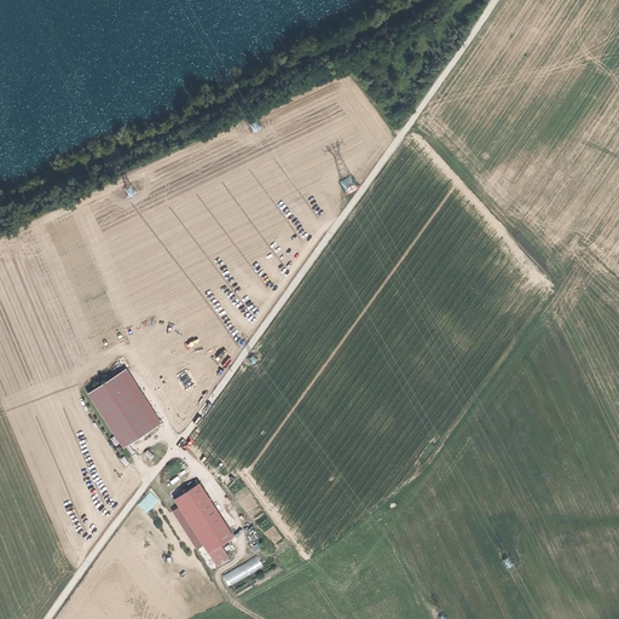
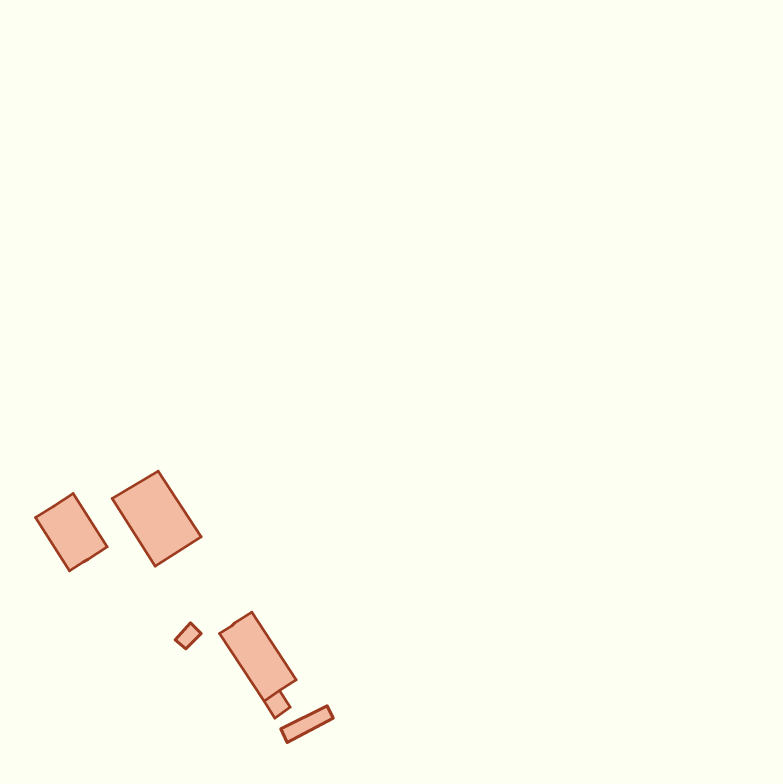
building: none -> [35,494,107,571]

